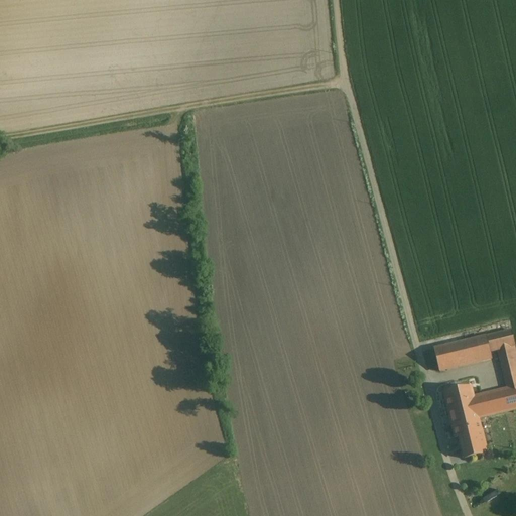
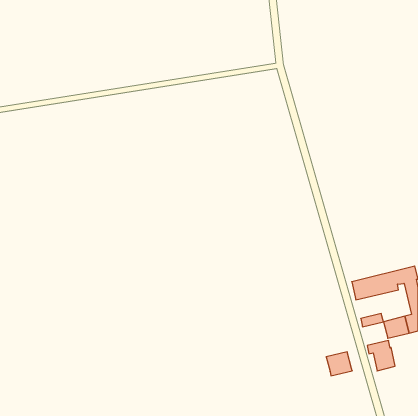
building: [446,396,479,425] -> [326,352,352,376]

